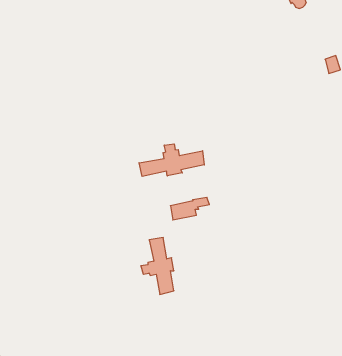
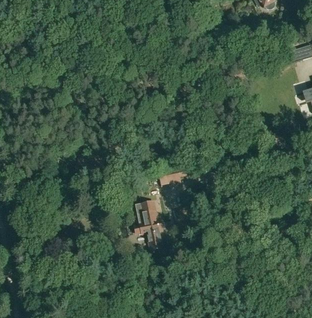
building: [139,144,204,176] -> none

